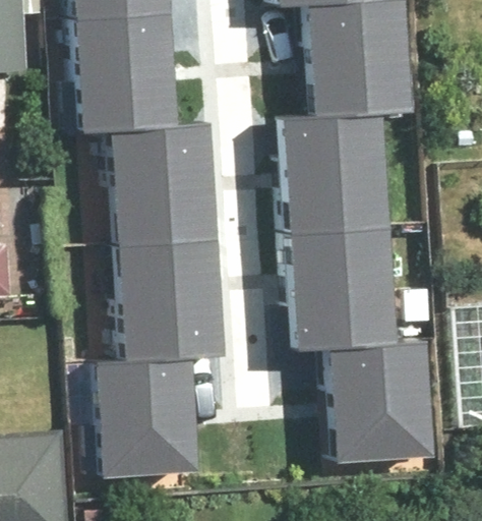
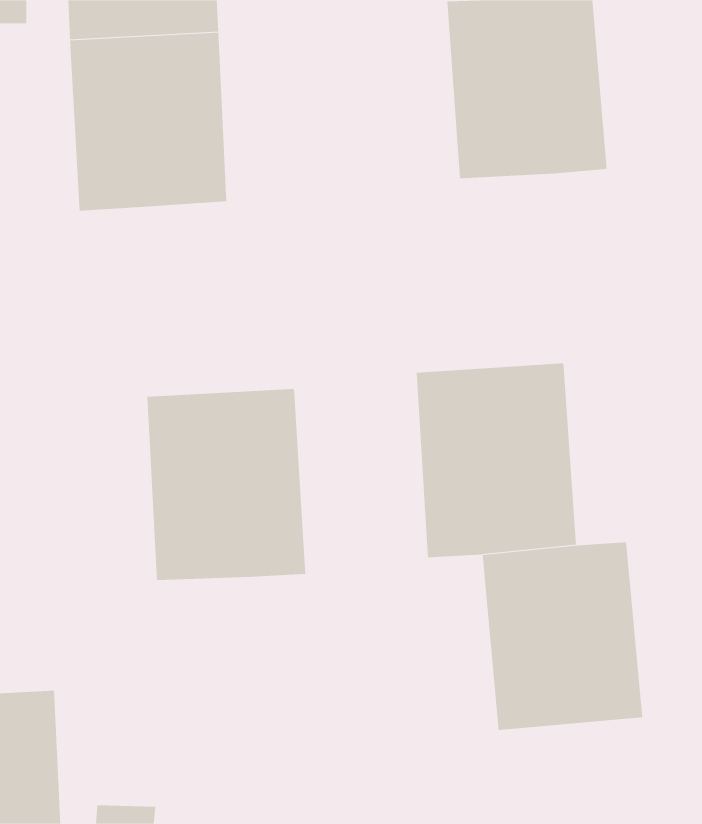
building: [284,110,384,235] -> none
building: [113,125,215,250] -> none
building: [96,364,191,478] -> none

